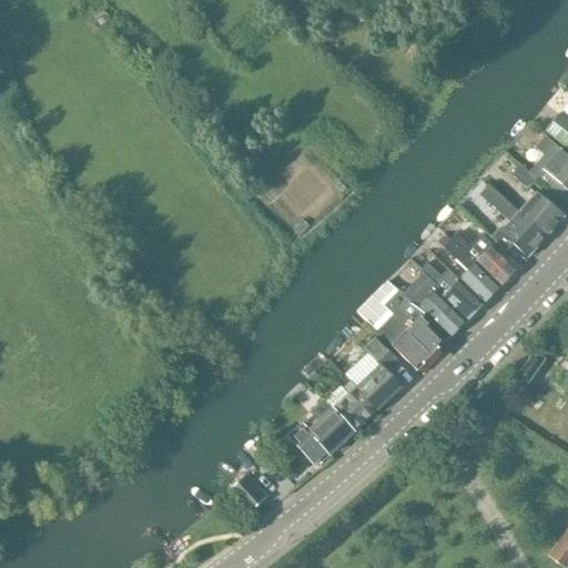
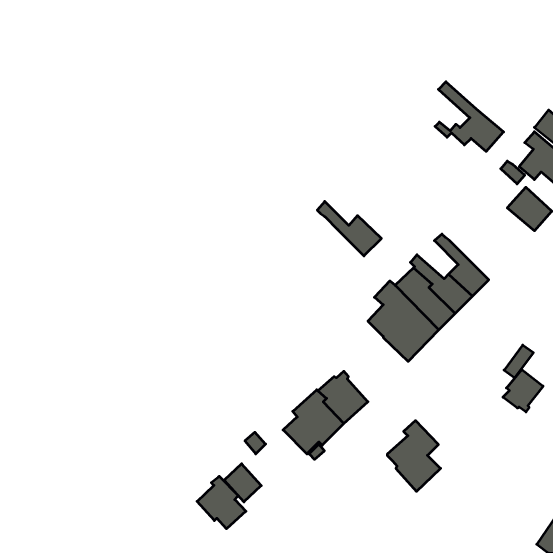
building: [478,184,548,255] -> [435,82,504,151]
building: [454,230,519,285] -> [317,201,381,256]
building: [348,337,403,409] -> [387,421,441,491]
building: none -> [503,369,543,412]
building: none -> [197,476,246,529]

